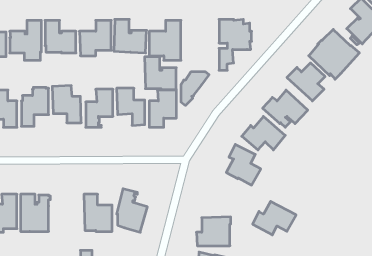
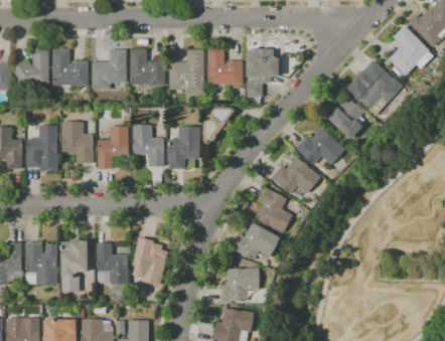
building: [145,57,176,89] -> [207,49,243,86]
building: none -> [61,239,89,293]
building: [253,201,296,235] -> [233,223,281,261]

